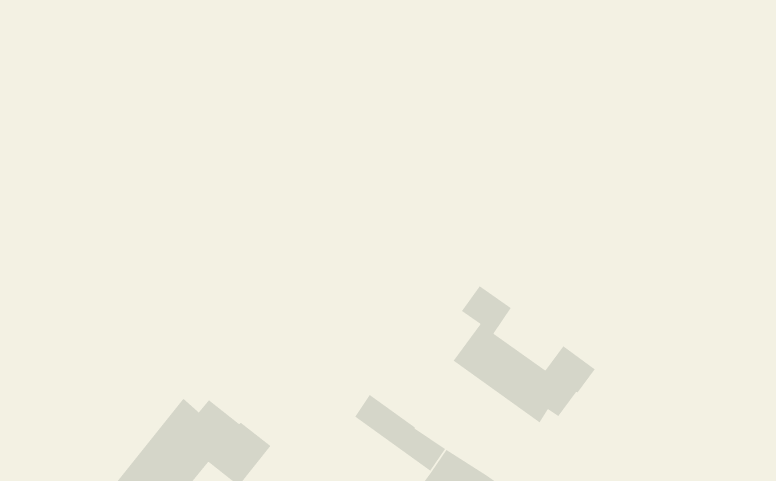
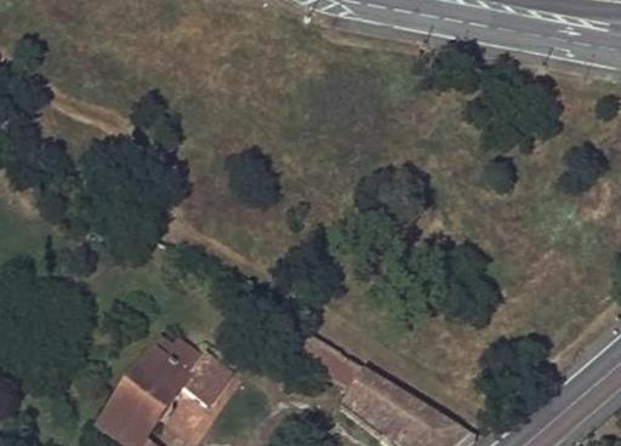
building: [453,285,596,424] -> none

